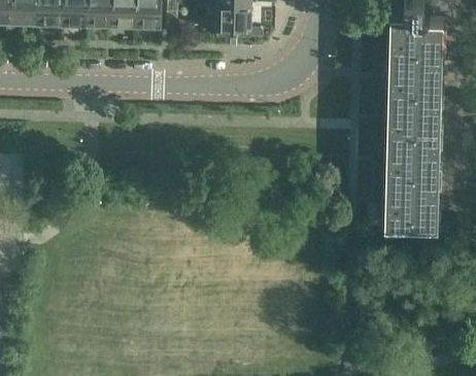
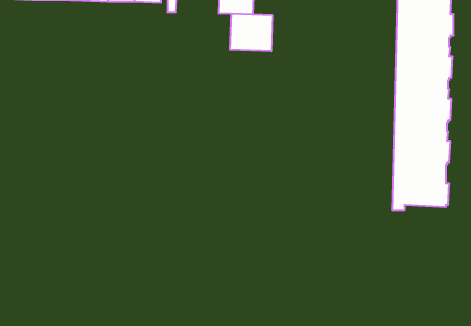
building: none -> [230,14,272,51]

